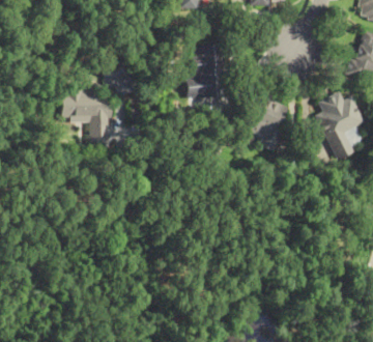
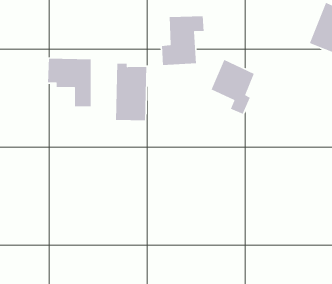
building: [313,93,365,162] -> none
building: none -> [115,63,147,121]

